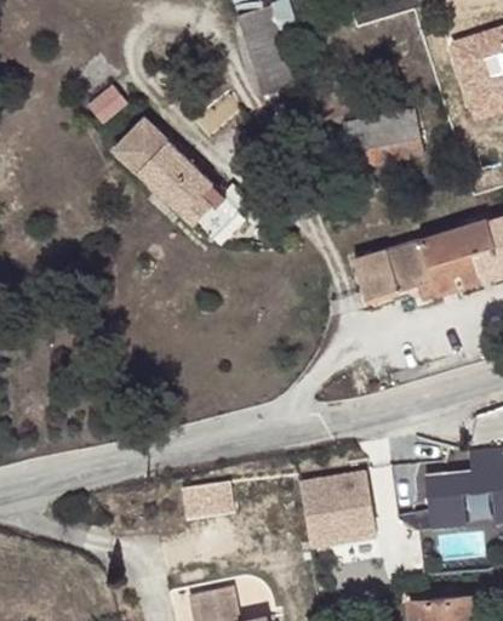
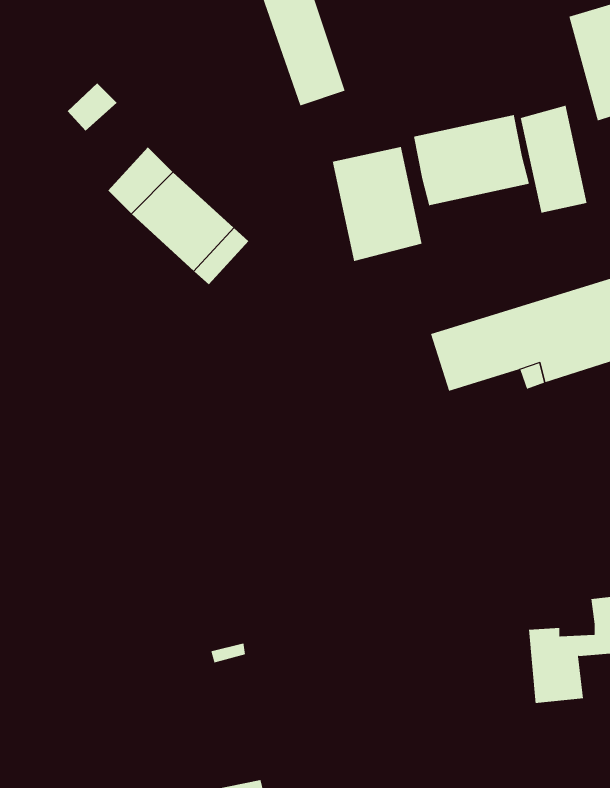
building: none -> [520,105,587,214]
building: none -> [332,146,422,262]
building: [304,472,383,547] -> none

